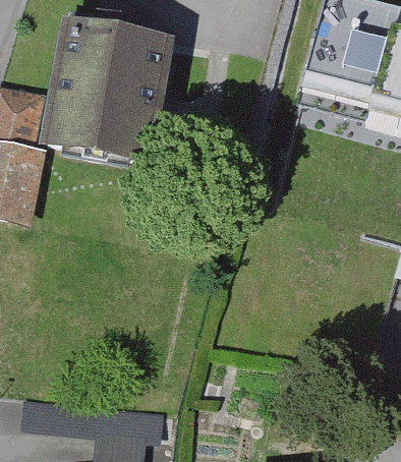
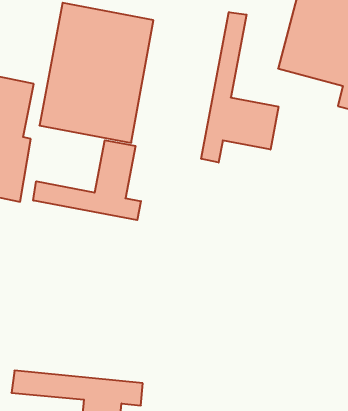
building: none -> [201,12,278,163]
building: none -> [33,140,141,220]

